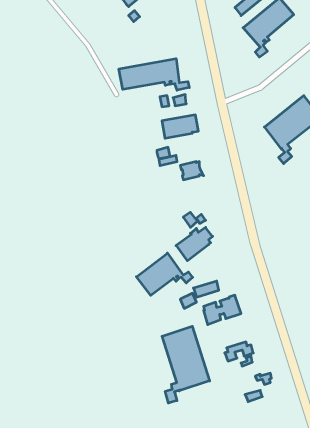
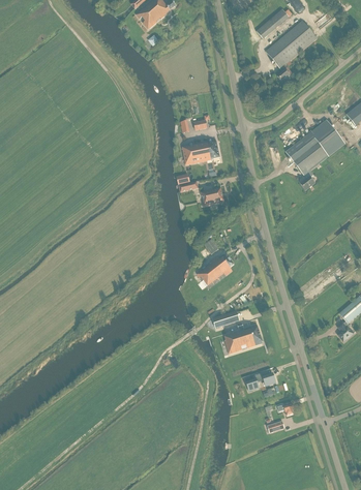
building: [119,59,189,90] -> none
building: [136,253,193,295] -> none
building: [162,326,210,403] -> none

